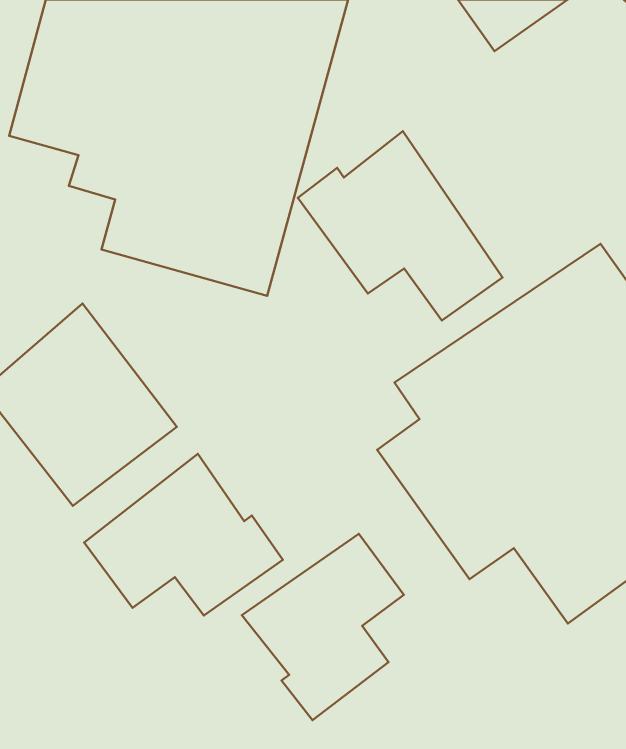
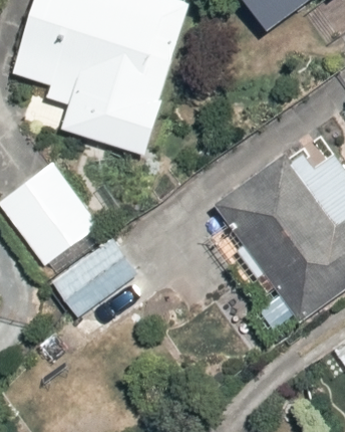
building: [298,131,502,321] -> none
building: [242,534,404,720] -> none

